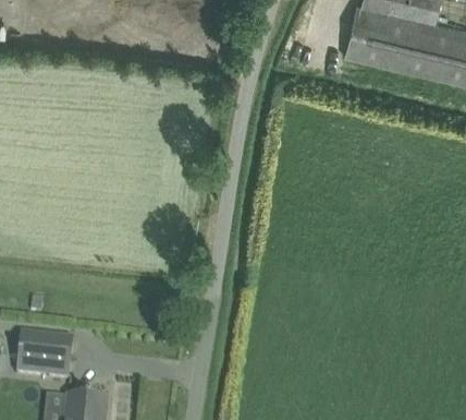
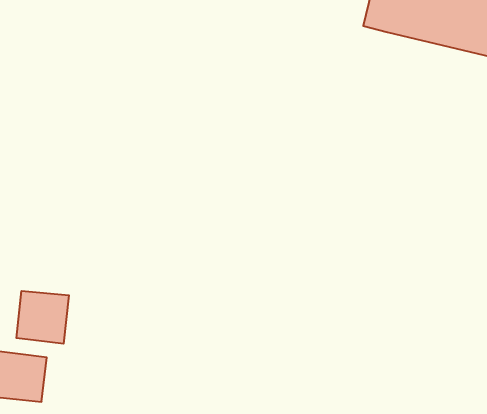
building: none -> [16,291,69,344]

